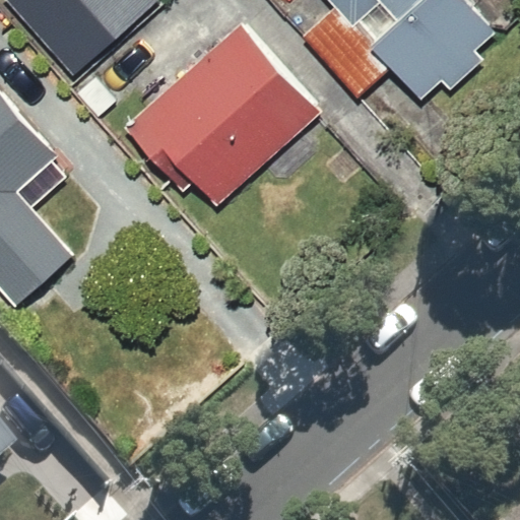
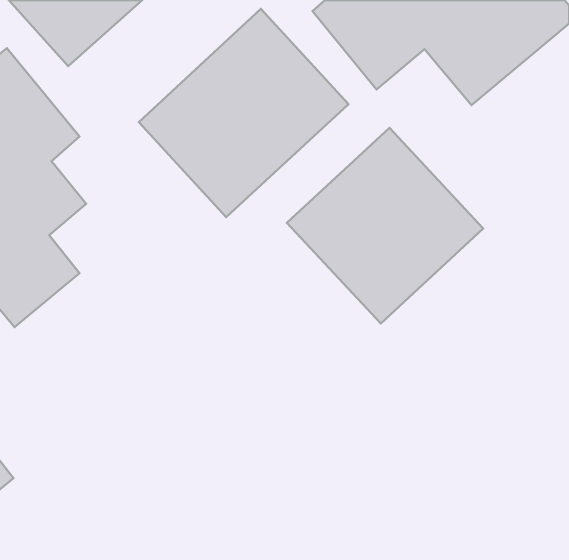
building: none -> [287,128,483,323]

